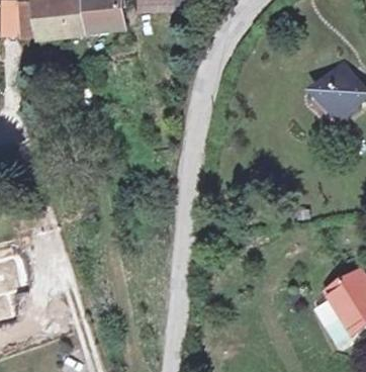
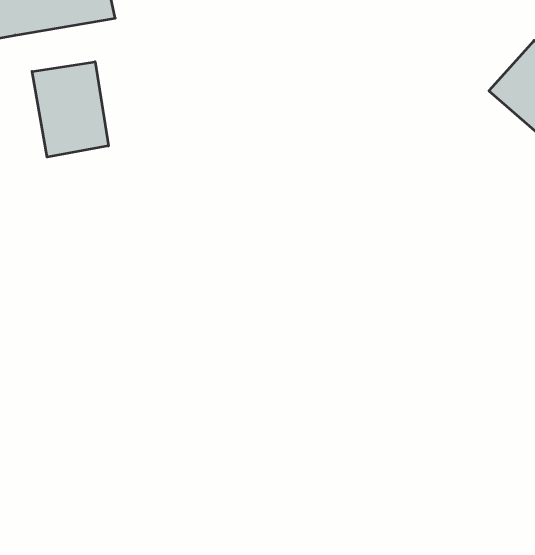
building: none -> [32,62,108,157]

